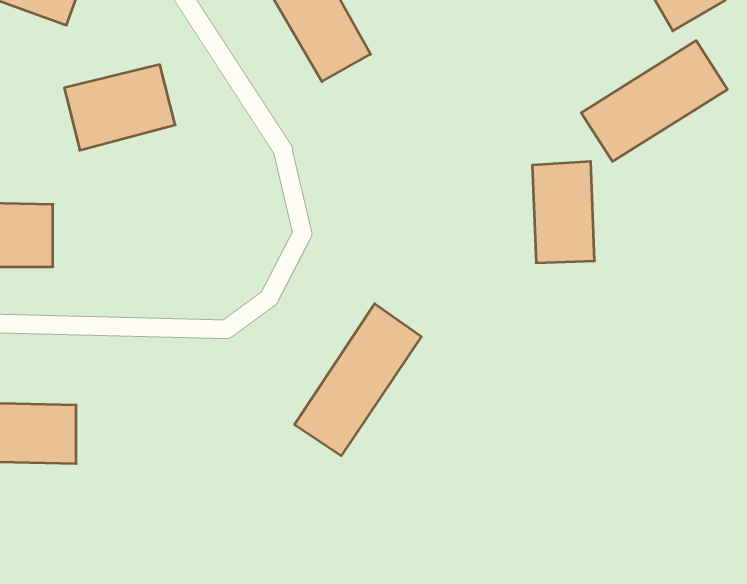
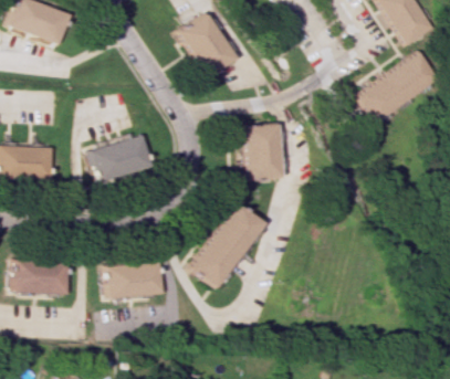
building: [64,65,175,150] -> [88,134,151,182]
building: [532,161,595,263] -> [241,124,276,181]
building: none -> [105,263,159,297]

